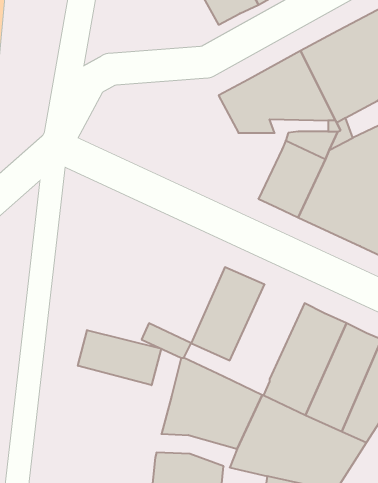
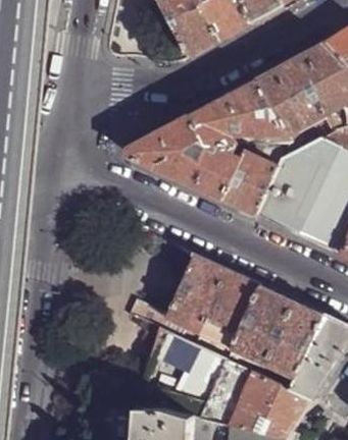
building: none -> [127,114,241,199]
building: none -> [198,269,259,346]
building: [78,330,161,385] -> none

